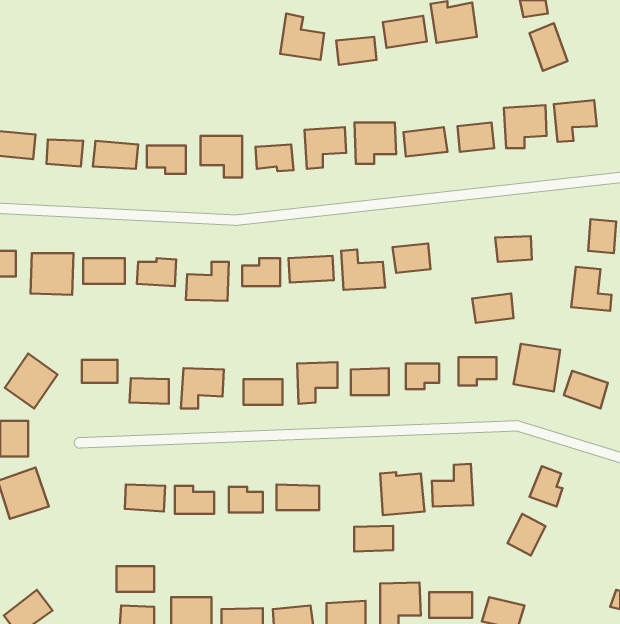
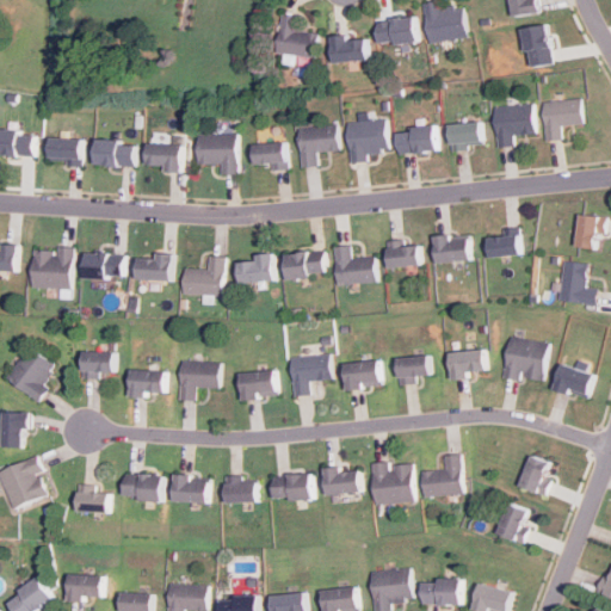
building: [472,294,514,323] -> [430,234,470,263]
building: none -> [75,485,109,512]
building: [354,526,393,551] -> [322,468,360,493]
building: [116,566,154,592] -> [66,575,103,600]

